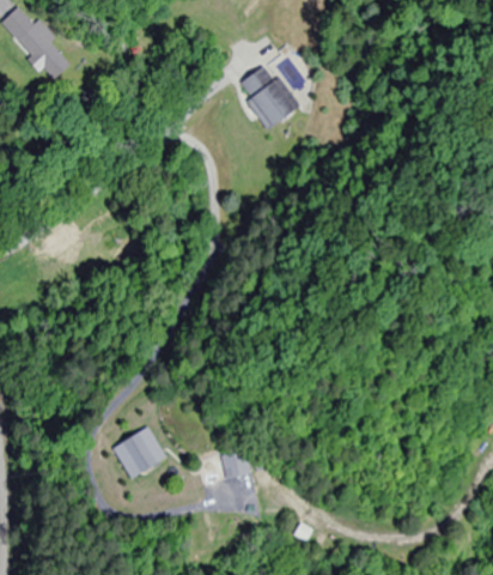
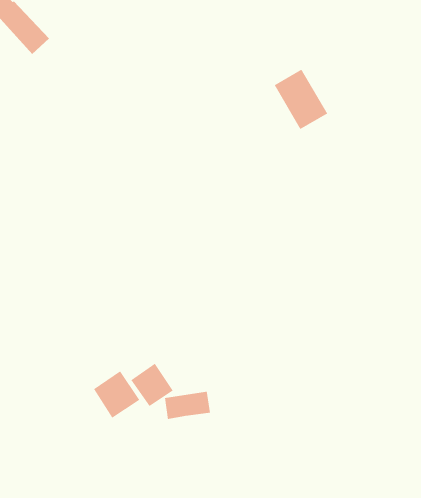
building: [236,60,296,127] -> [274,69,328,130]
building: none -> [130,363,174,407]

